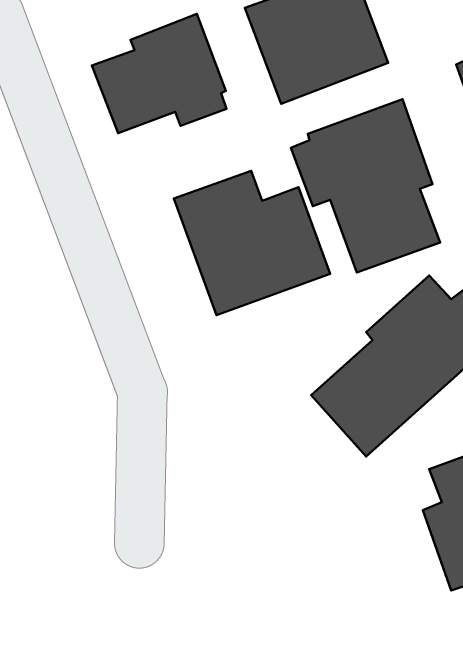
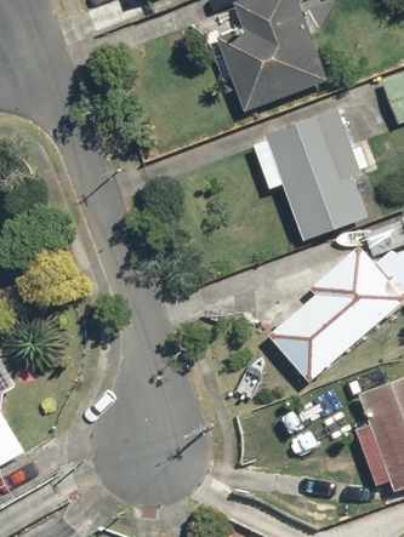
building: [92,14,227,133] -> none
building: [174,171,330,315] -> none

